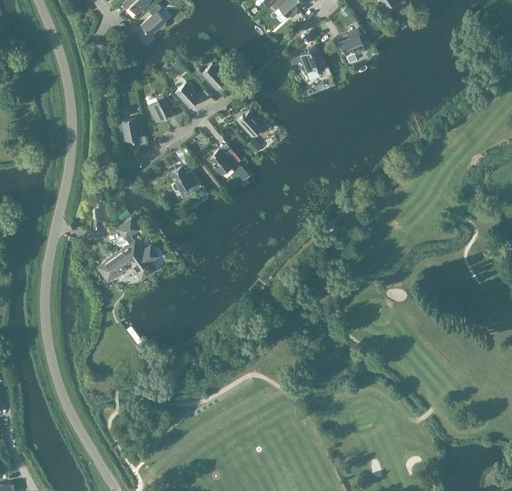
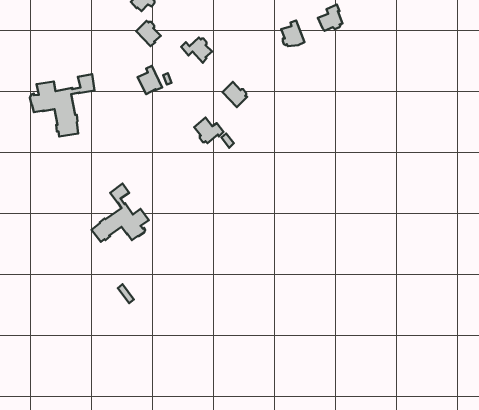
building: [176,82,202,109] -> [136,21,161,46]
building: none -> [30,74,94,136]
building: [120,117,141,141] -> none
building: [171,165,201,192] -> none

